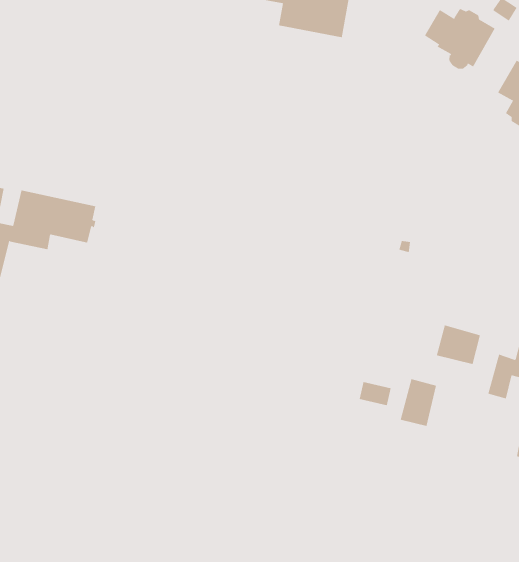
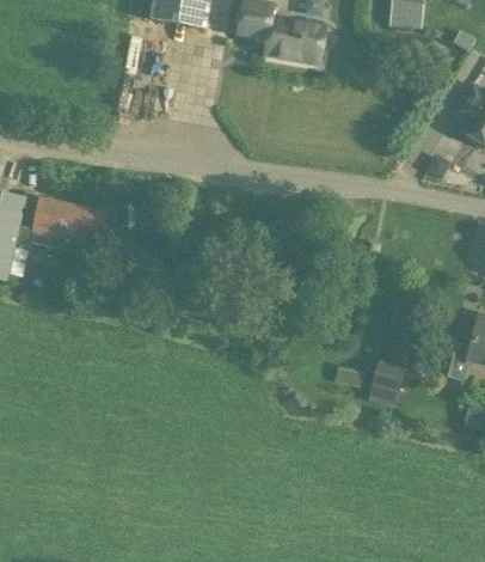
building: [424,8,495,69] -> none
building: [436,325,481,365] -> none

